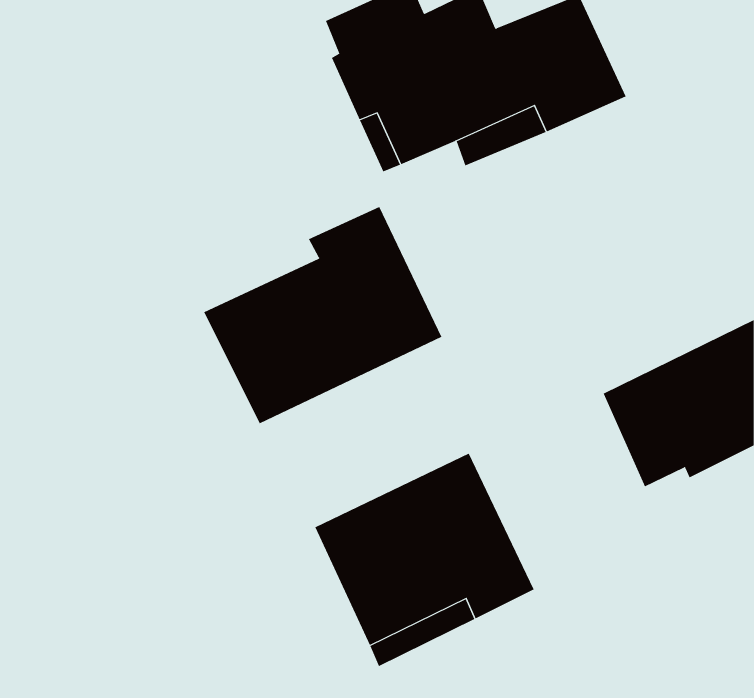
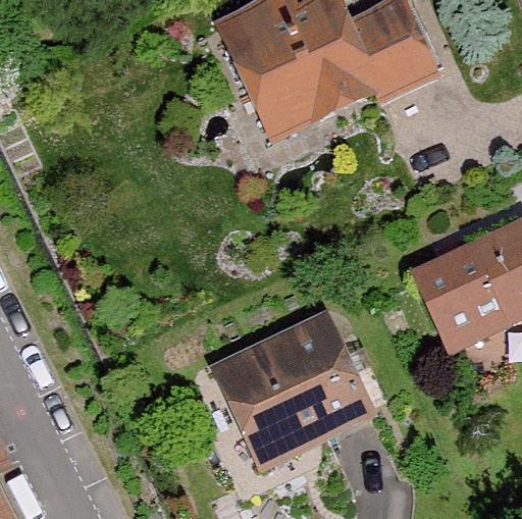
building: [203,206,442,424] -> none

